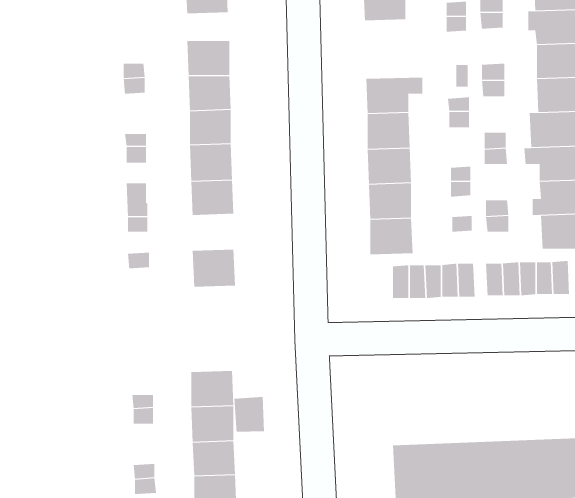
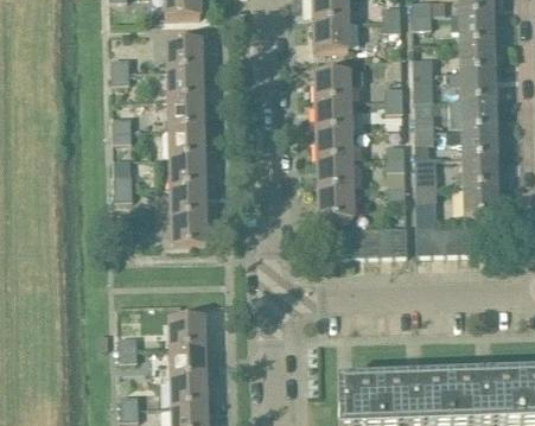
building: none -> [314,19,351,49]
building: none -> [170,183,205,214]
building: [234,396,264,433] -> none

